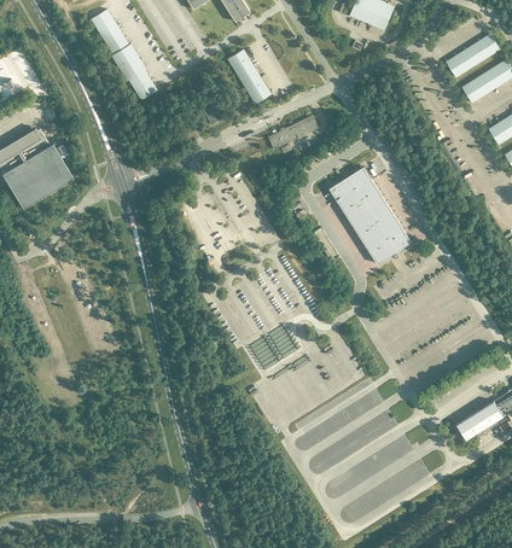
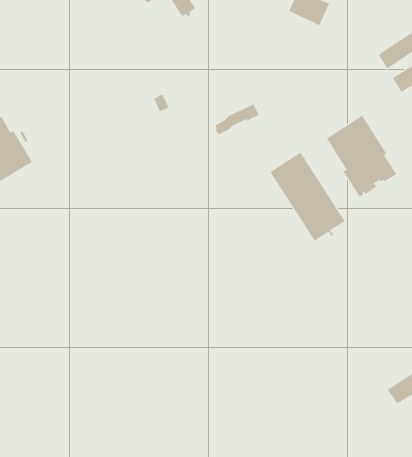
building: [89,8,156,100] -> none
building: [226,48,269,103] -> none
building: none -> [326,115,397,198]

